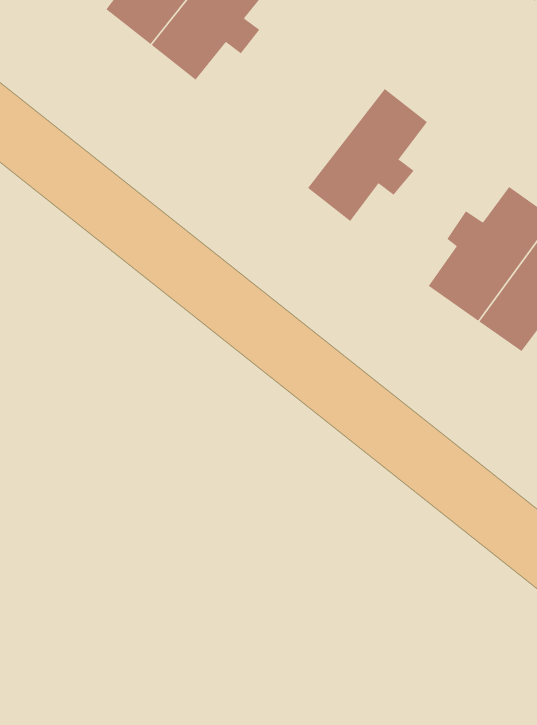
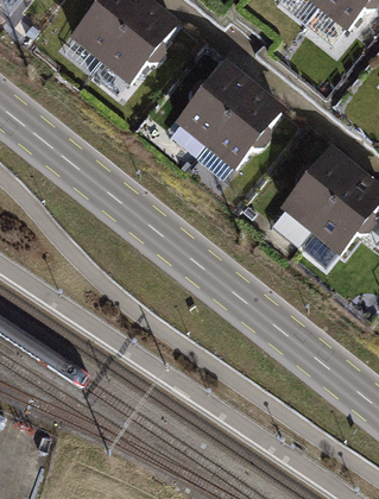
building: none -> [172,65,251,149]

